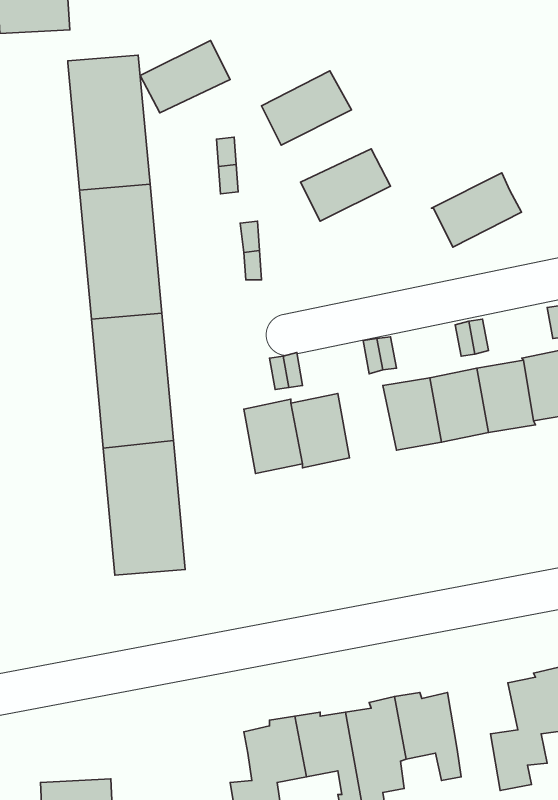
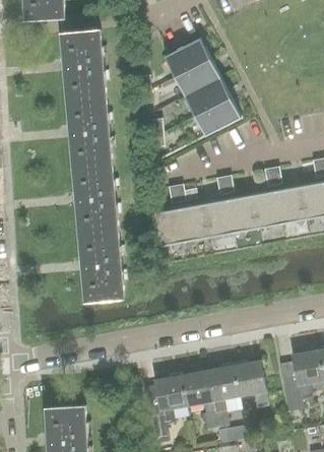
building: [140,40,230,113] -> [173,58,219,95]
building: [431,173,521,247] -> [193,98,240,136]
building: none -> [202,201,233,239]

